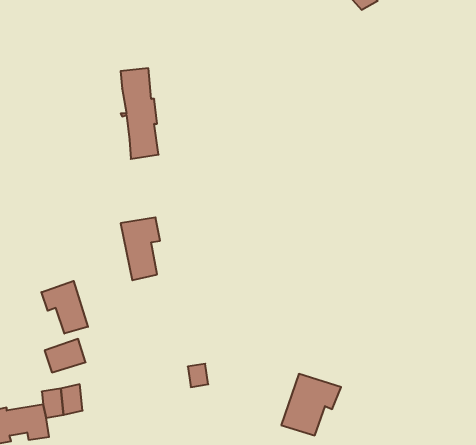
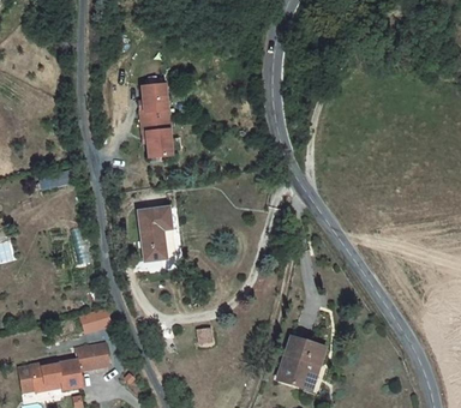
building: [41,281,88,334] -> none

